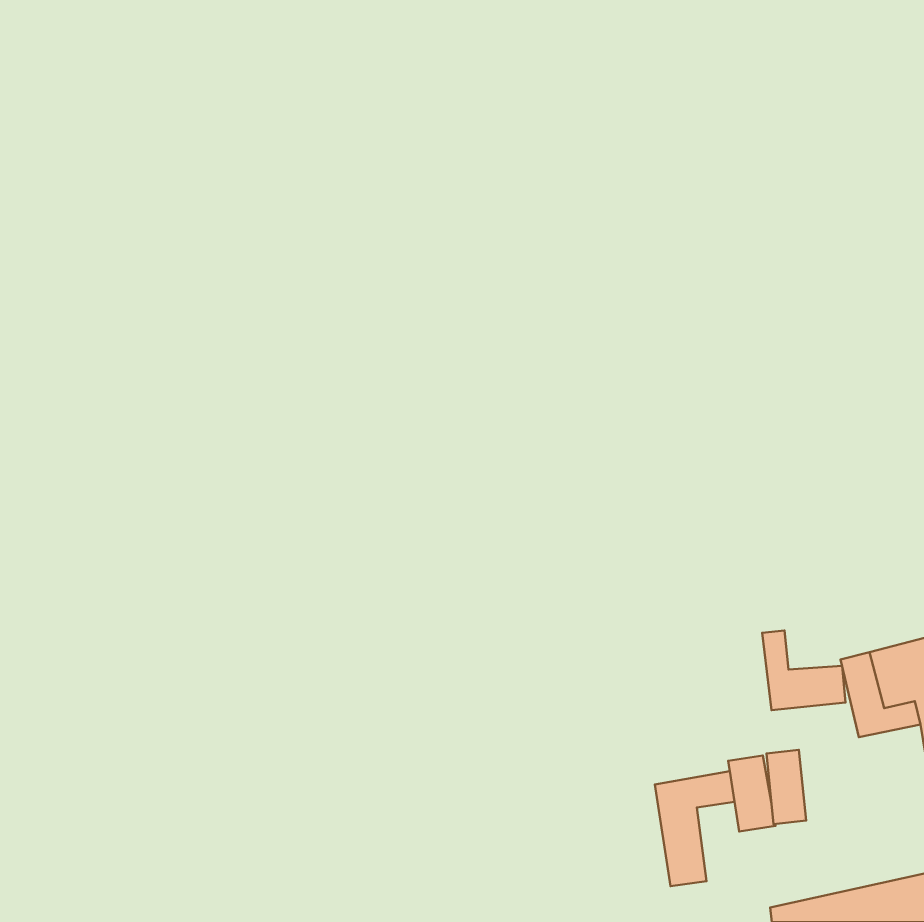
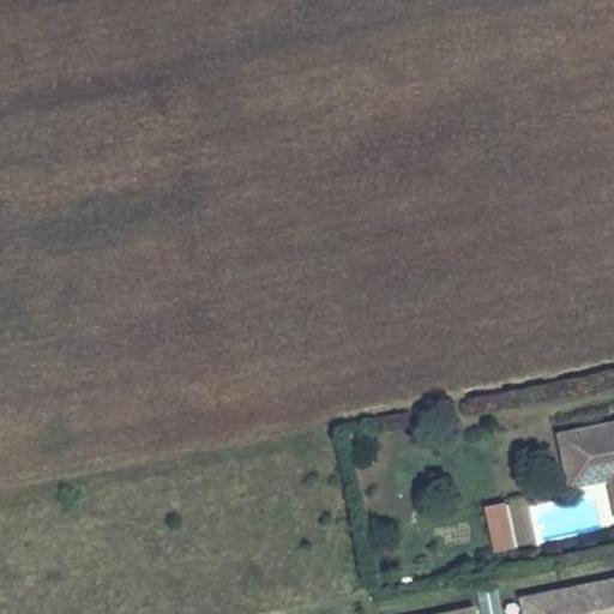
building: [762,630,845,710] -> none
building: [655,771,735,886] -> none

